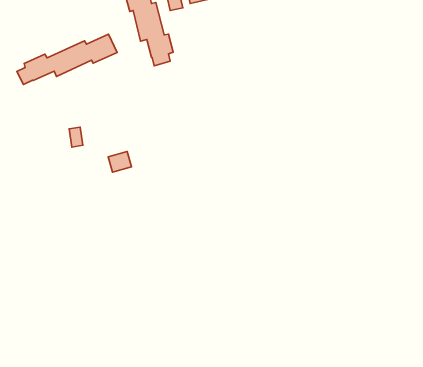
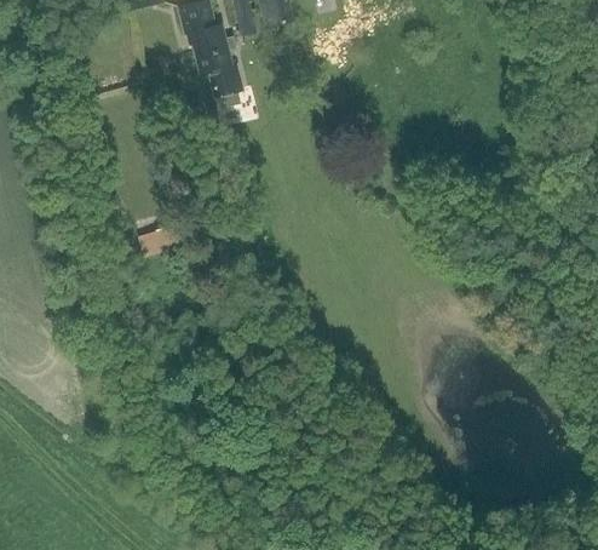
building: [17,34,117,84] -> none

